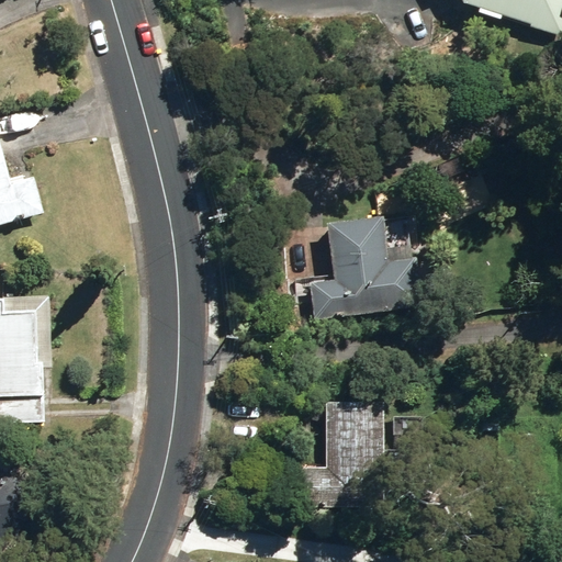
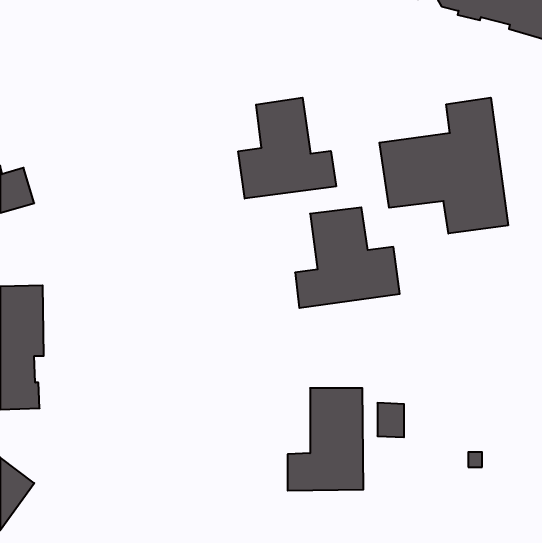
building: none -> [379,98,508,234]
building: none -> [238,98,336,199]

